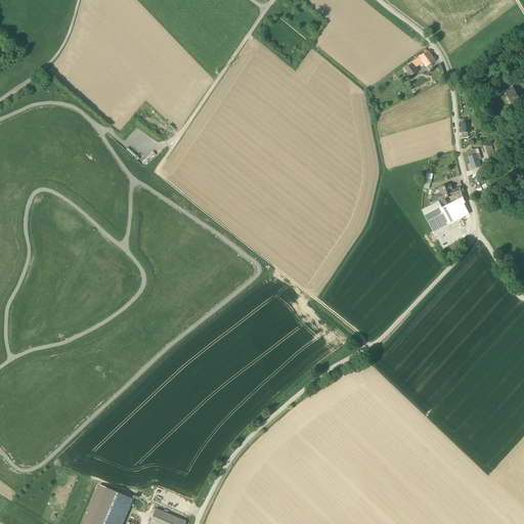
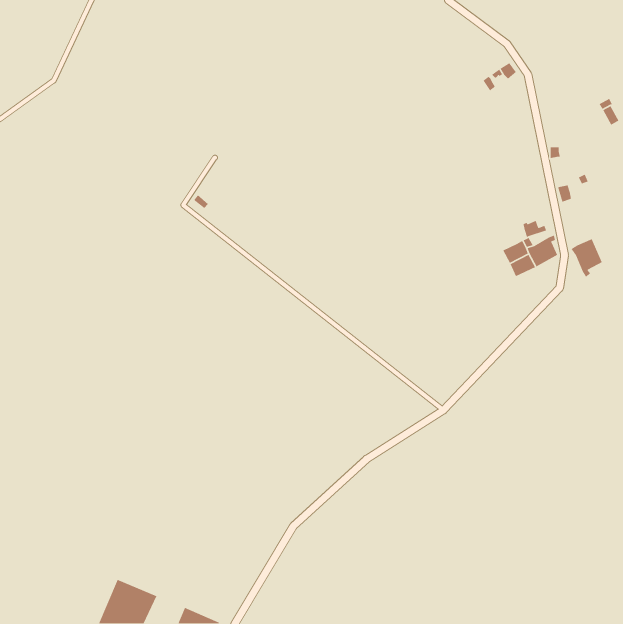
building: none -> [571,238,603,278]

